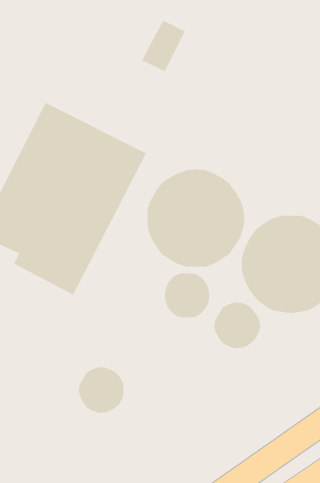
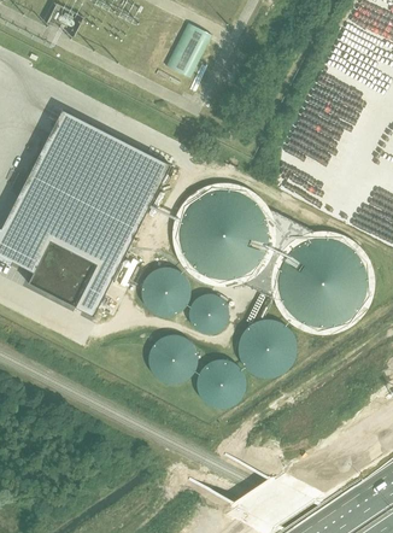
building: none -> [140,266,189,316]
building: none -> [195,358,245,408]
building: [78,367,124,413] -> [146,334,195,383]

